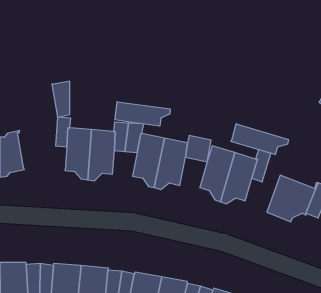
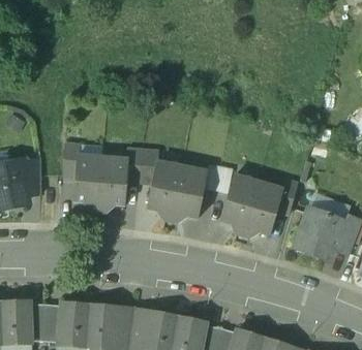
building: [52,81,70,117] -> [21,157,40,196]
building: [115,102,170,126] -> none
building: [231,124,289,155] -> none

